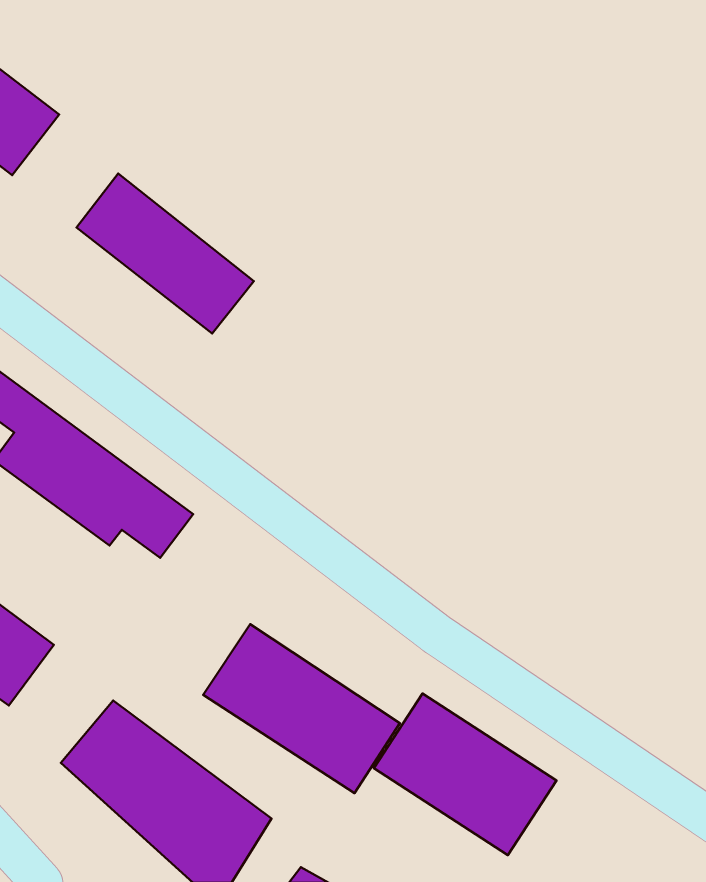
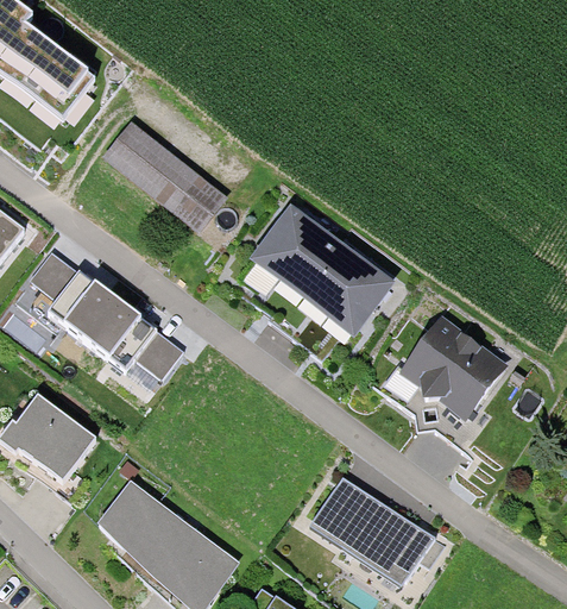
building: none -> [252,208,390,332]
building: none -> [398,313,510,421]
building: [203,624,400,793] -> none

